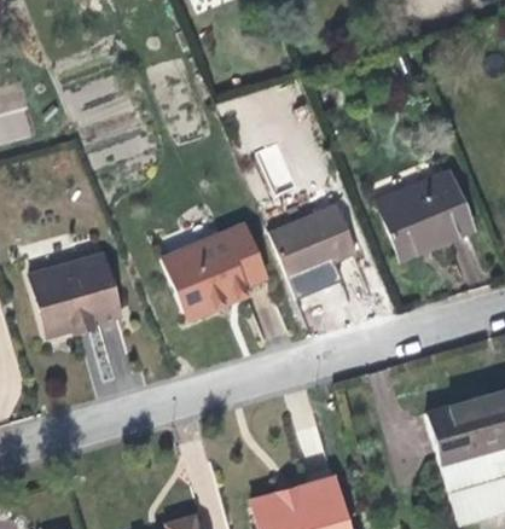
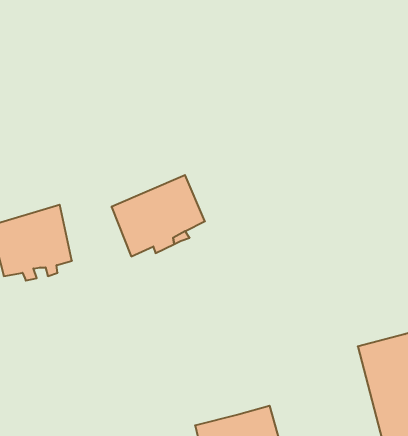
building: [377,173,471,262] -> none
building: [269,207,350,275] -> none

